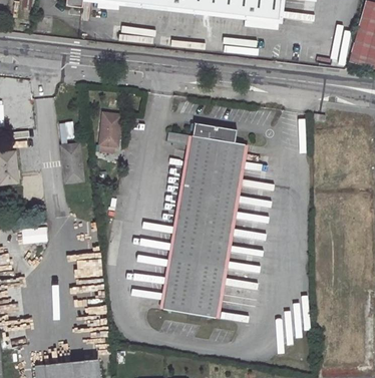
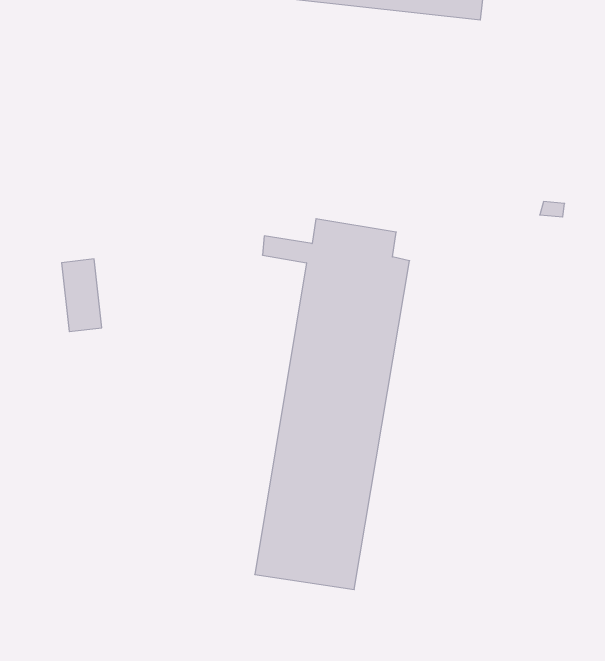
building: [99,113,121,153] -> none

